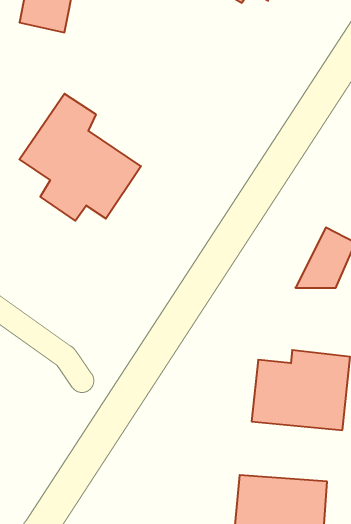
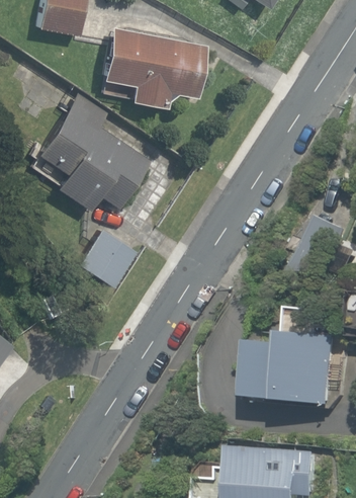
building: none -> [101,26,206,107]
building: none -> [76,227,137,286]

